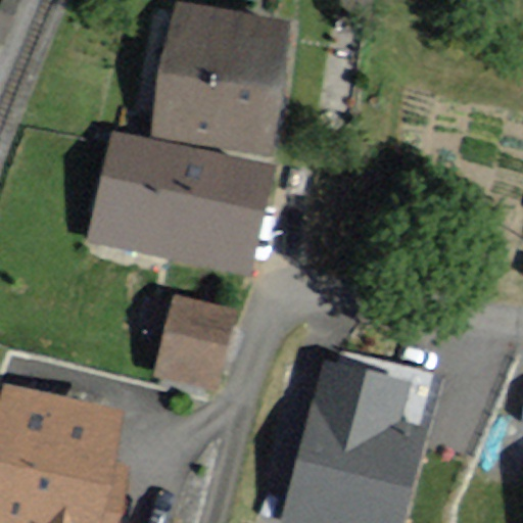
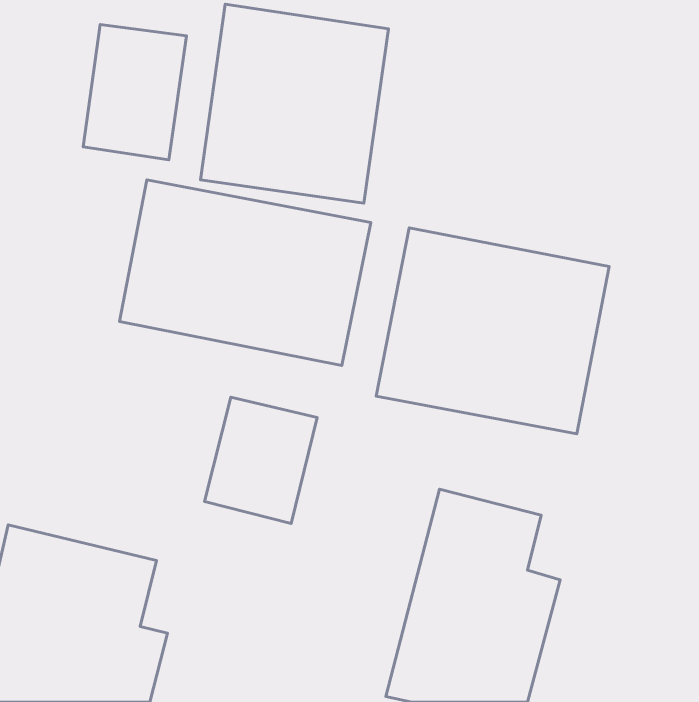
building: none -> [83,24,186,160]
building: none -> [376,228,609,434]

